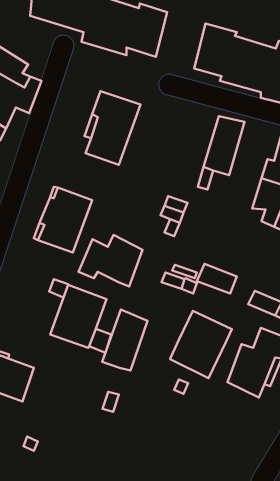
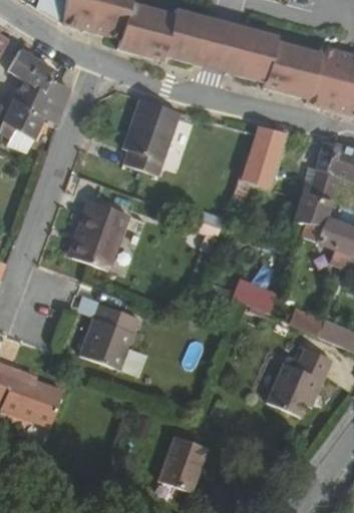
building: none -> [193,16,245,75]
building: [79,235,143,287] -> none
building: [102,310,147,371] -> none
building: [170,311,232,378] -> none
building: none -> [161,436,207,491]

